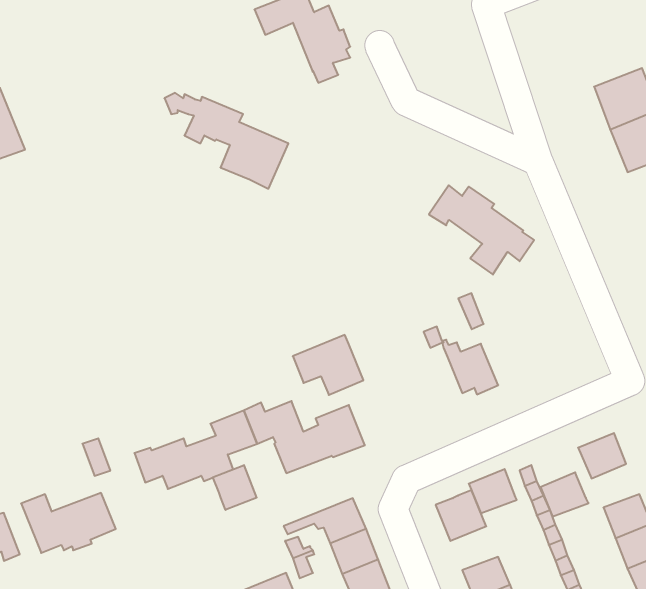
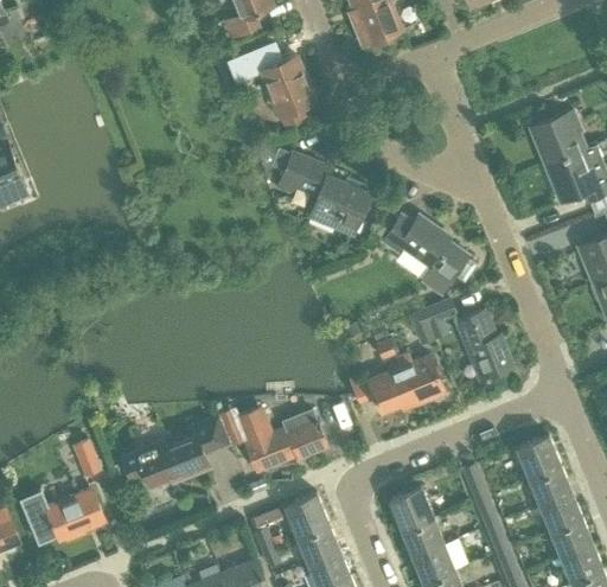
building: [164,93,288,189] -> [260,149,370,235]
building: none -> [421,299,455,338]
building: none -> [455,311,511,379]
building: [293,335,363,395] -> [350,359,413,413]
building: [213,465,257,510] -> none
building: [469,469,517,513] -> [402,518,445,557]
building: [541,472,589,516] -> [528,462,570,502]

